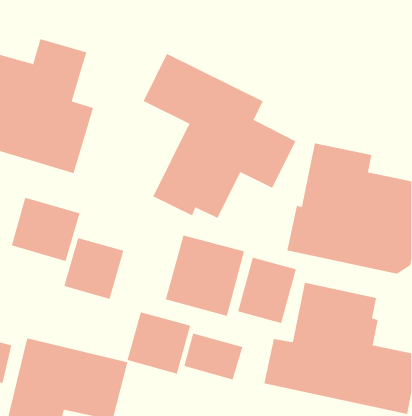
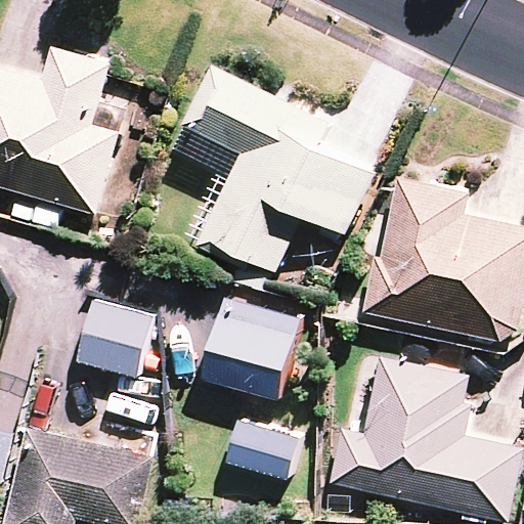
building: [11,197,80,262] -> none
building: [237,257,296,324] -> none
building: [127,311,191,375] -> none

